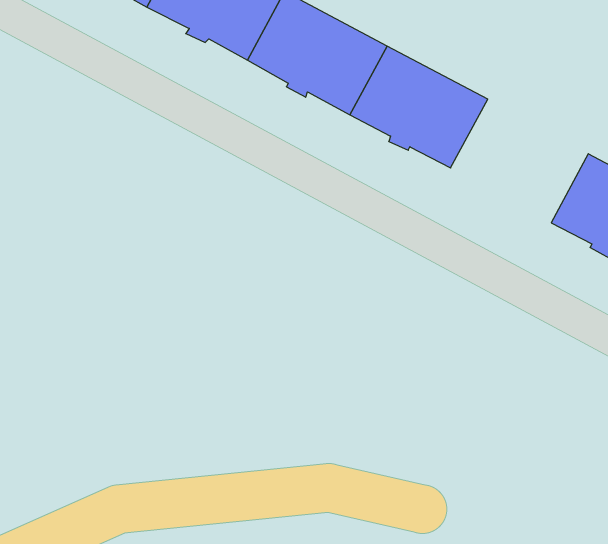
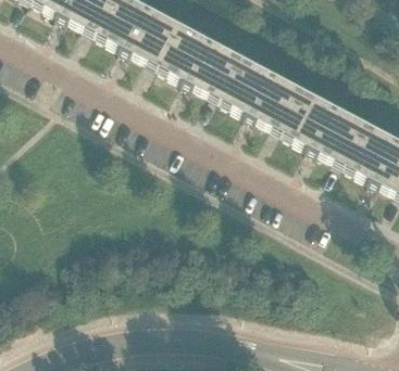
building: none -> [278,88,363,164]

